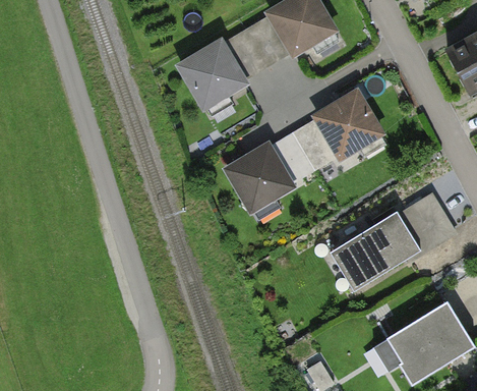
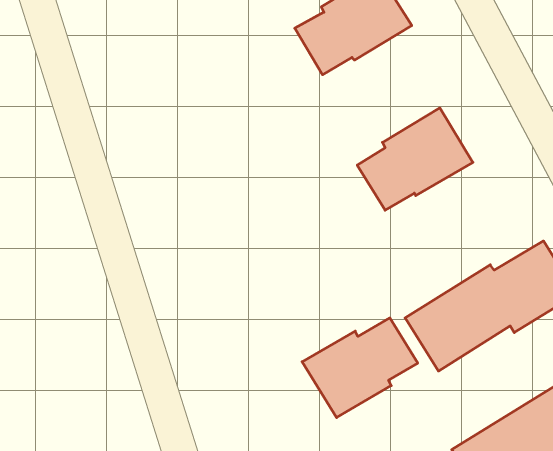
building: [178,31,265,108] -> none
building: [225,135,313,212] -> [302,318,418,418]

